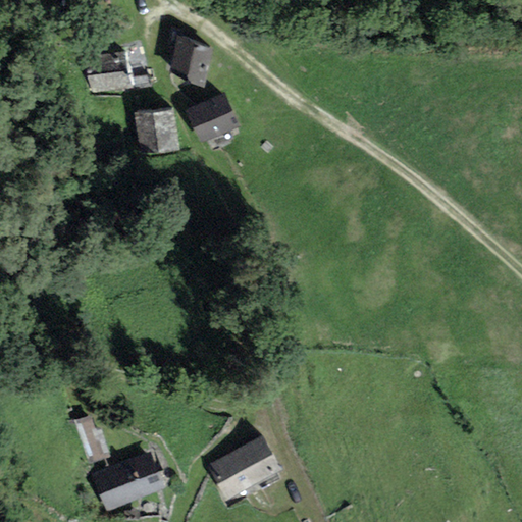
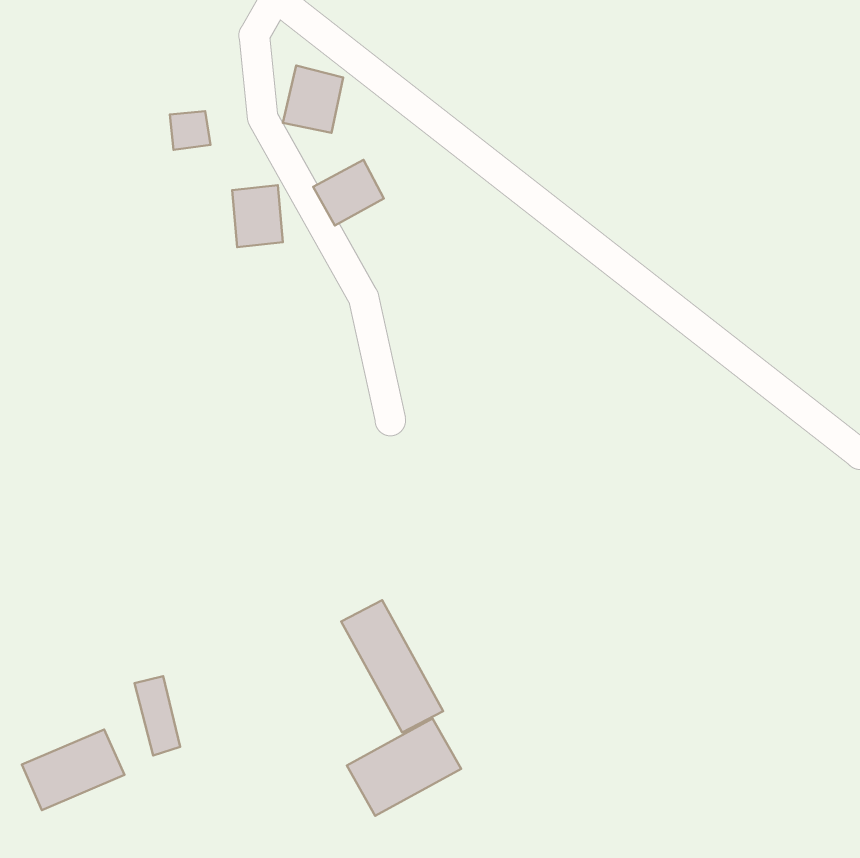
building: none -> [341,600,443,732]
building: [98,458,160,507] -> [22,729,124,810]

